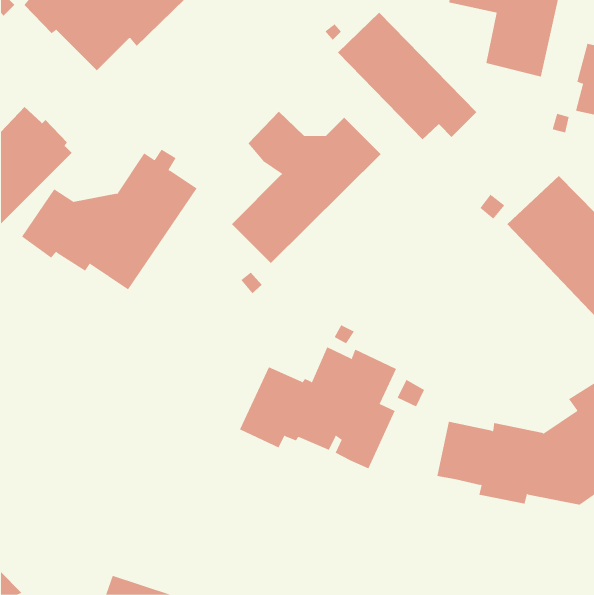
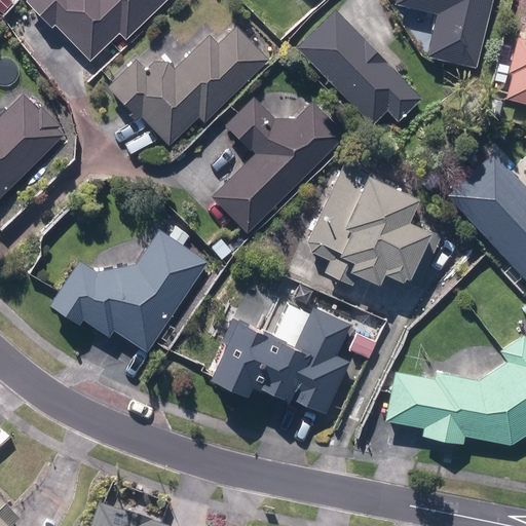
building: none -> [104,28,267,146]
building: [21,149,197,290] -> [53,227,209,351]
building: none -> [310,164,430,286]

